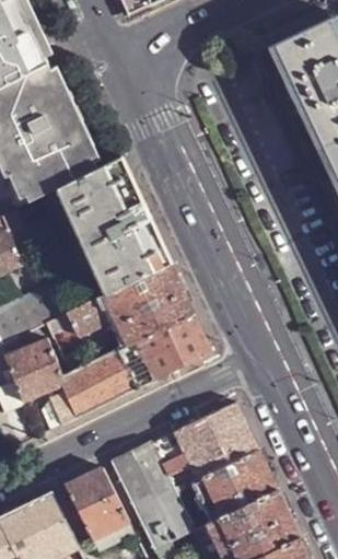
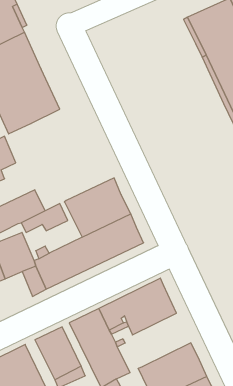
building: [58,156,172,293] -> none
building: [190,447,277,521] -> none

